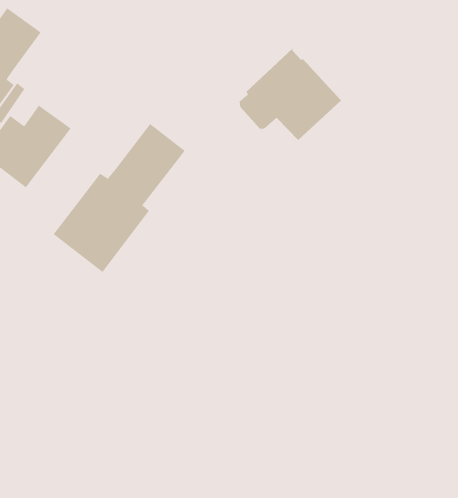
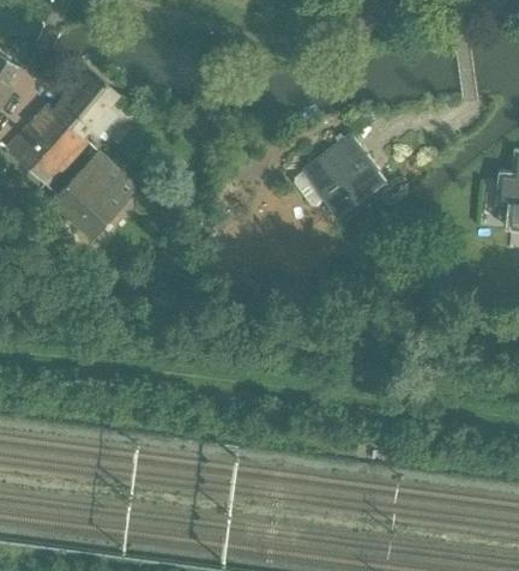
building: [53,123,185,273] -> none

